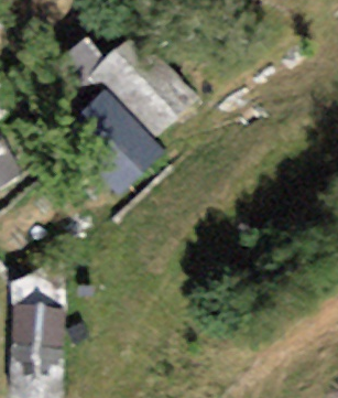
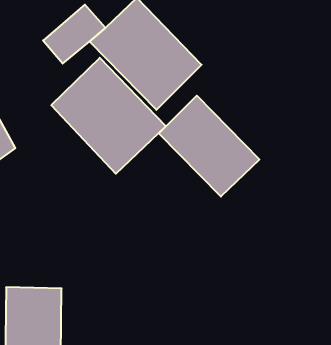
building: none -> [159,96,259,197]

